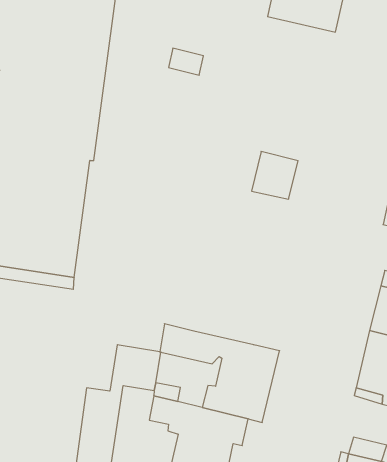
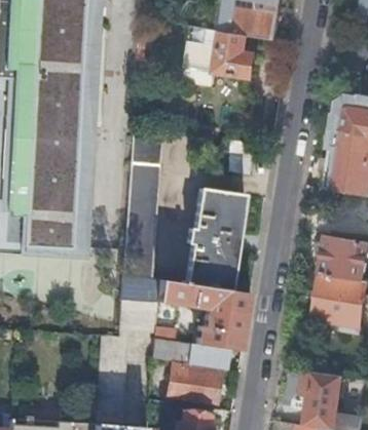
building: none -> [184,30,255,78]
building: none -> [122,125,161,278]
building: none -> [181,189,244,291]

